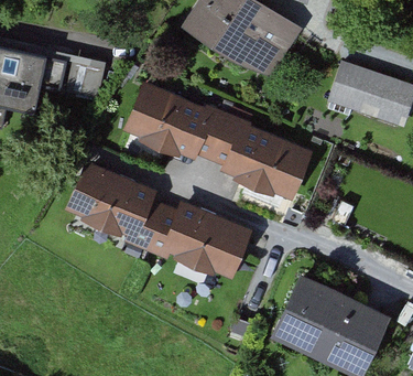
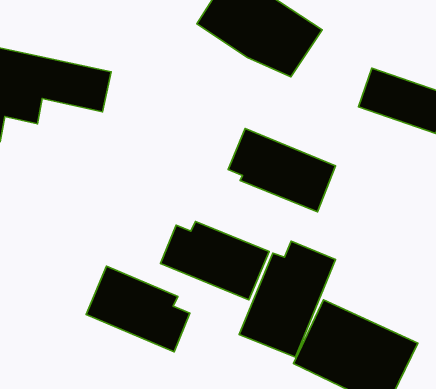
building: [127,85,227,157] -> none
building: [69,164,164,243] -> [86,266,190,352]
building: none -> [239,241,336,357]

